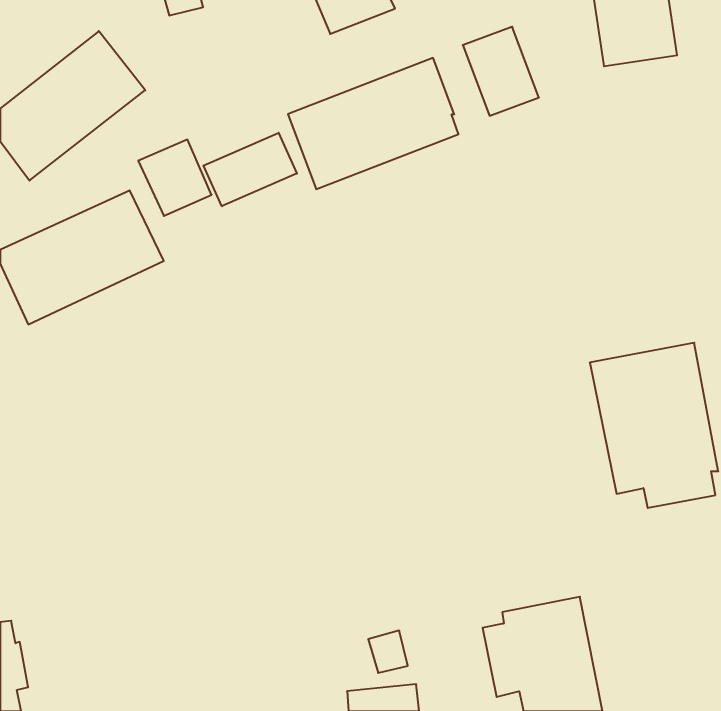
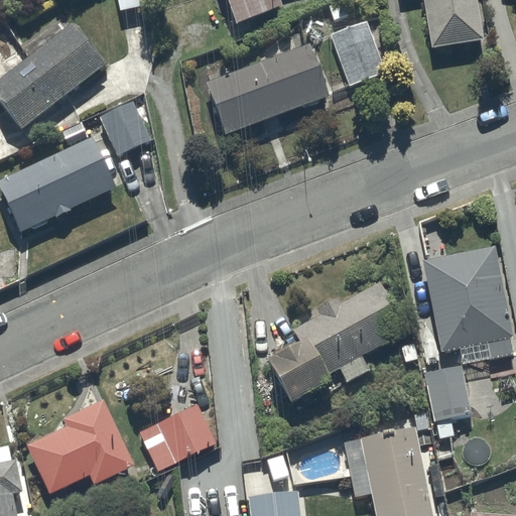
building: [204,133,297,206] -> none
building: none -> [267,278,412,405]
building: none -> [423,363,472,420]
building: none -> [26,399,134,494]
building: none -> [138,400,220,470]

